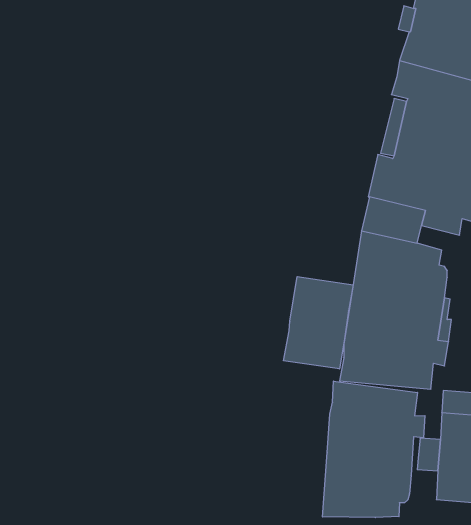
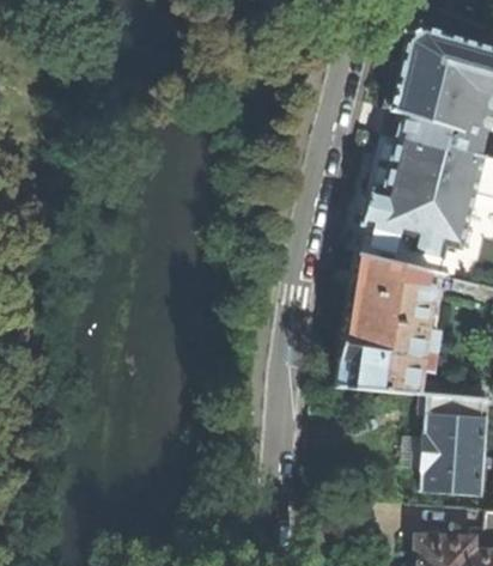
building: [284,277,353,369] -> none
building: [323,381,425,518] -> none

